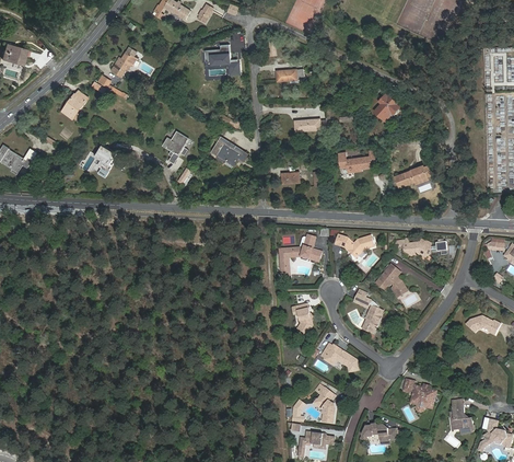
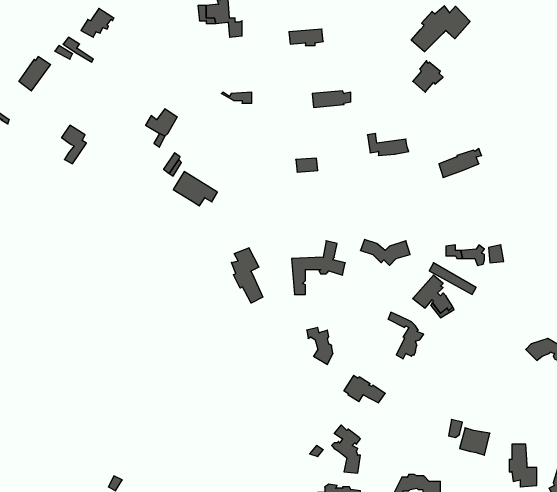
building: none -> [411,6,470,52]
building: [211,136,246,163] -> [173,172,217,206]
building: none -> [231,248,263,303]

